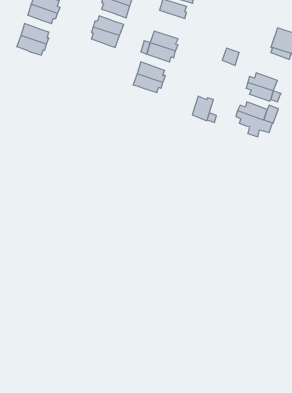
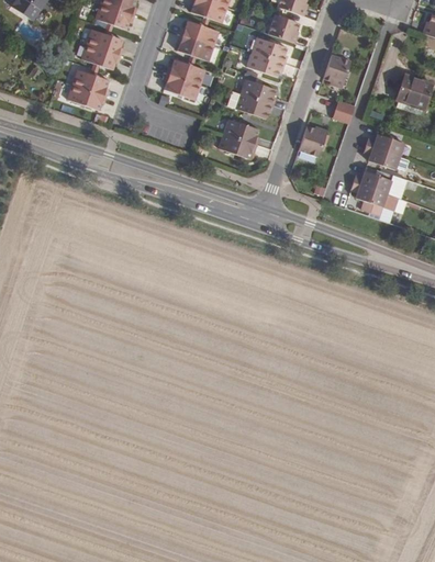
building: none -> [246,50,285,76]
building: none -> [323,53,350,87]
building: [192,96,213,121] -> [299,124,326,156]

